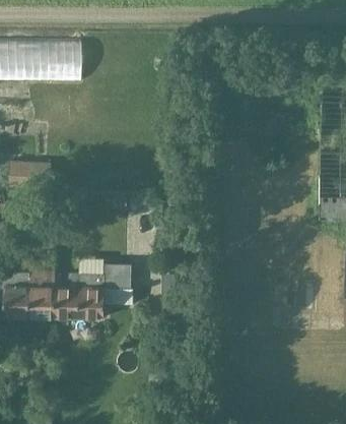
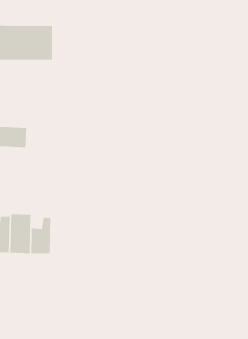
building: [80,263,134,318] -> none

